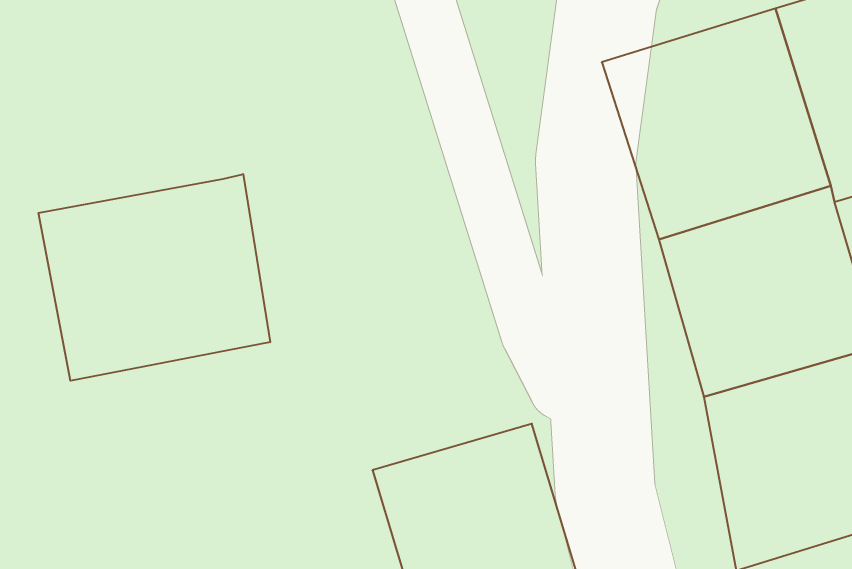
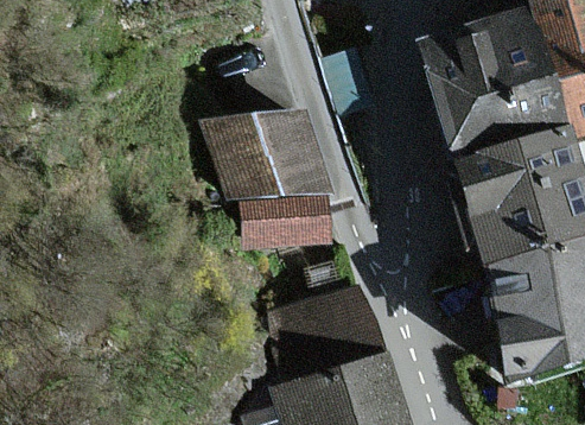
building: none -> [221,109,335,246]
building: [38,174,270,381] -> none

